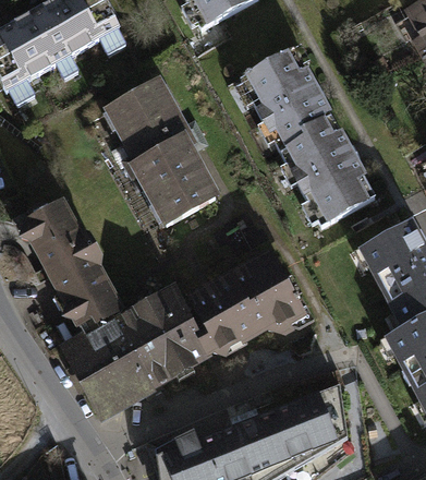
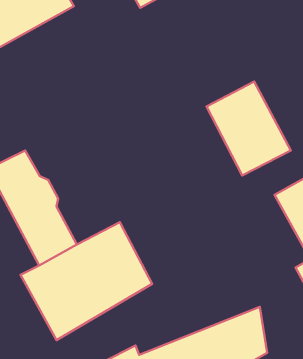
building: [240,45,334,145] -> none
building: [100,77,222,228] -> none
building: [187,248,314,356] -> none

